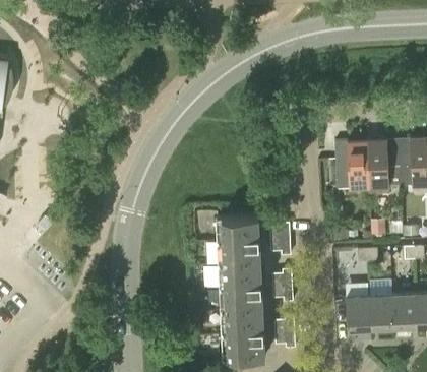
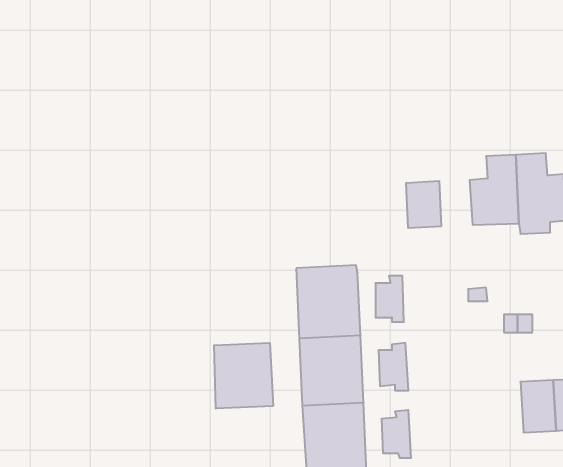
building: none -> [406,181,441,228]
building: none -> [214,343,273,409]
building: [345,295,371,330] -> none

